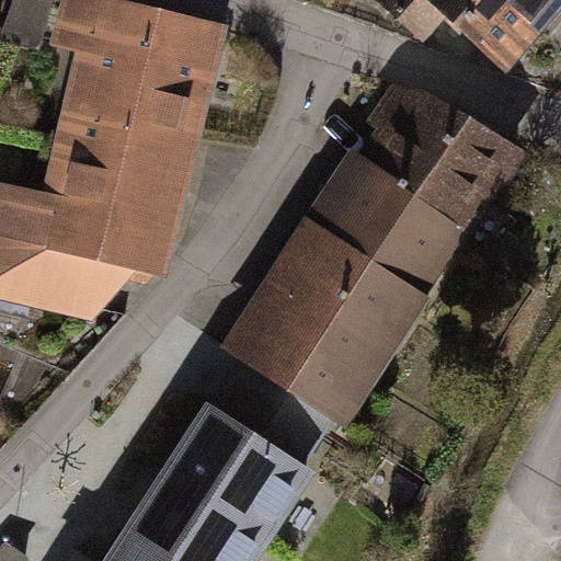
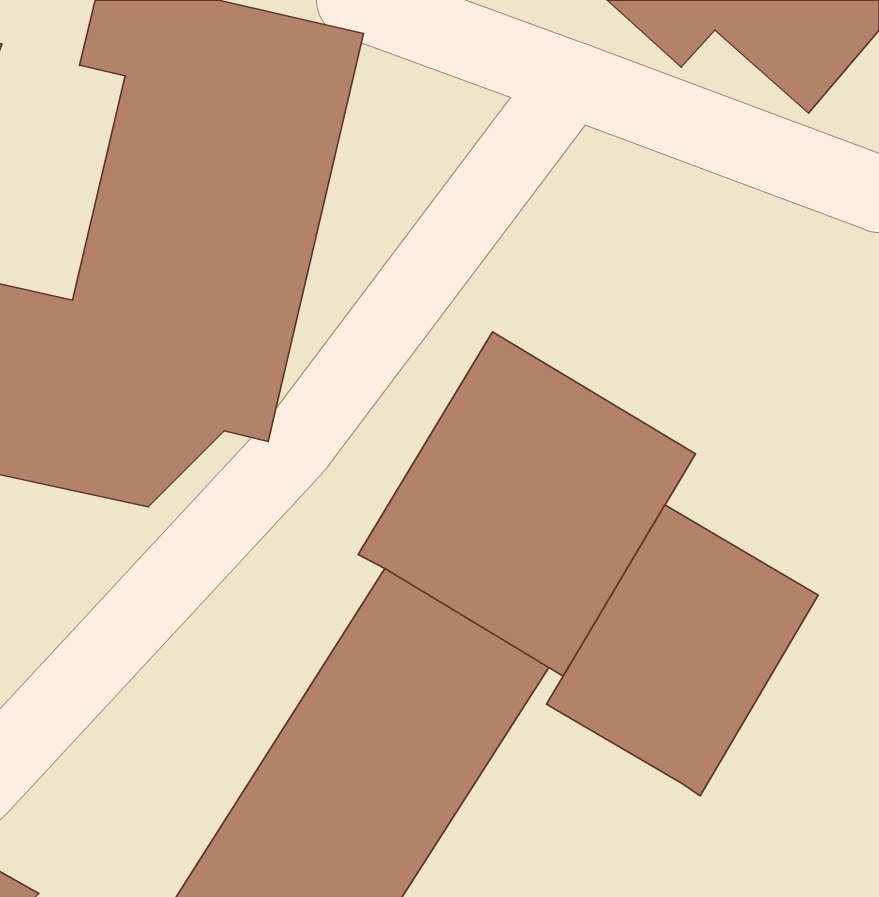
building: [306,81,522,285] -> none
building: none -> [546,505,818,796]

